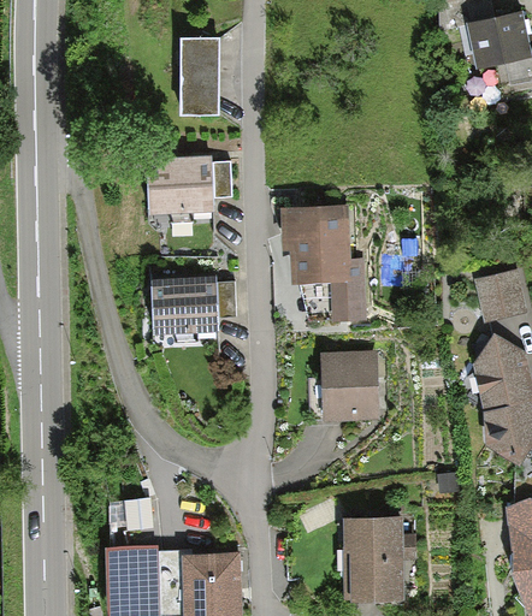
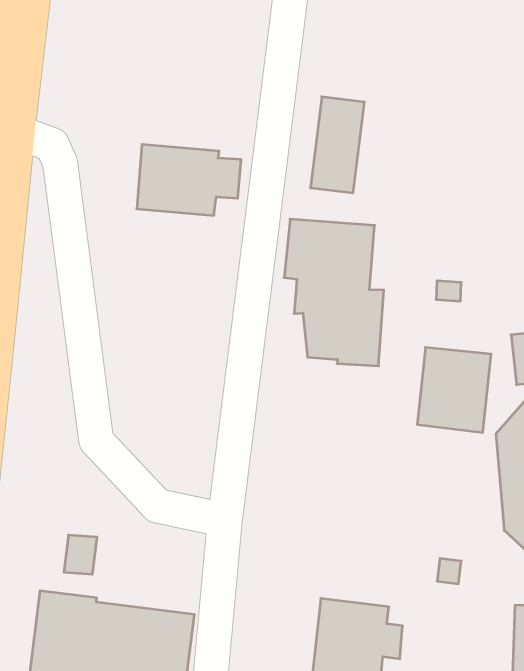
building: [182,40,218,117] -> [310,97,364,193]
building: [154,277,235,333] -> none
building: [321,354,378,420] -> [417,347,491,432]

